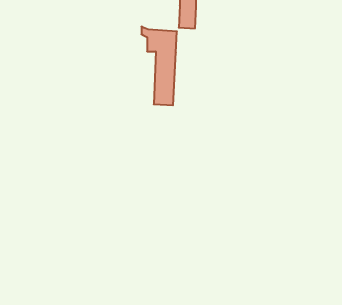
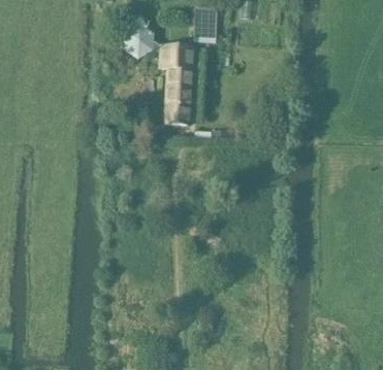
building: none -> [124,24,155,59]

